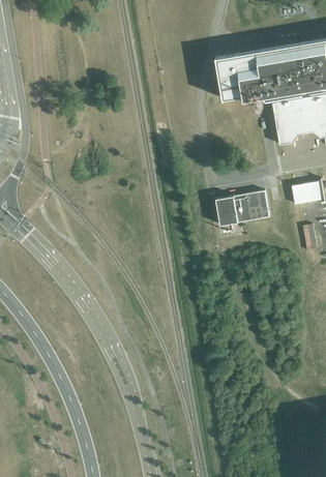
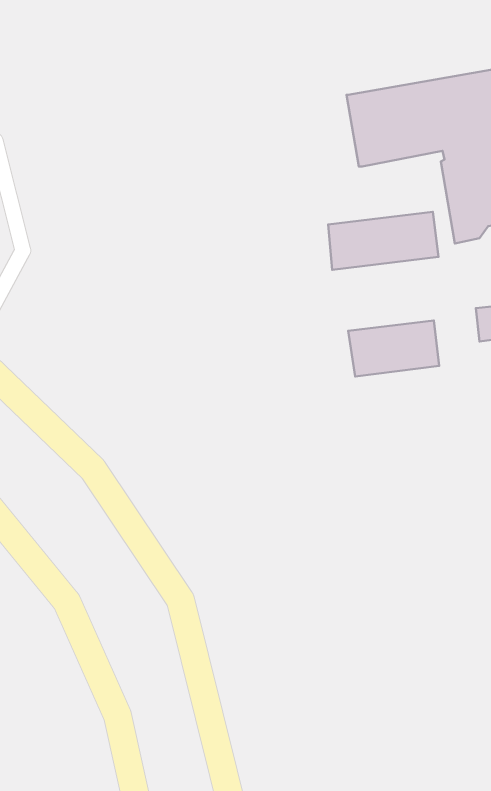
building: none -> [328,212,439,270]

